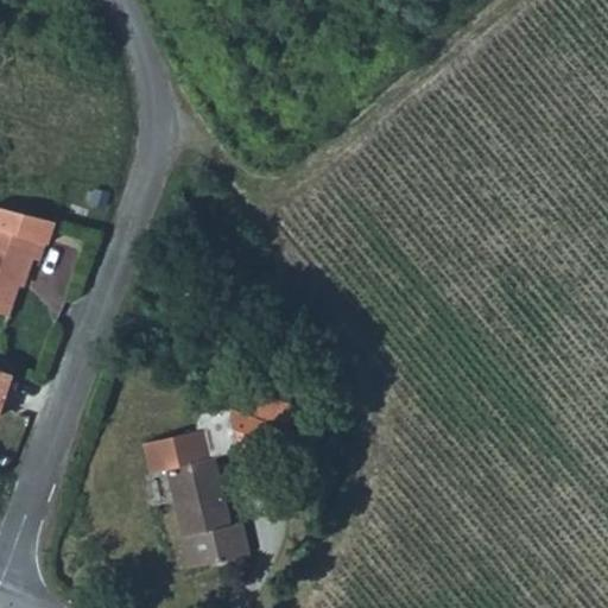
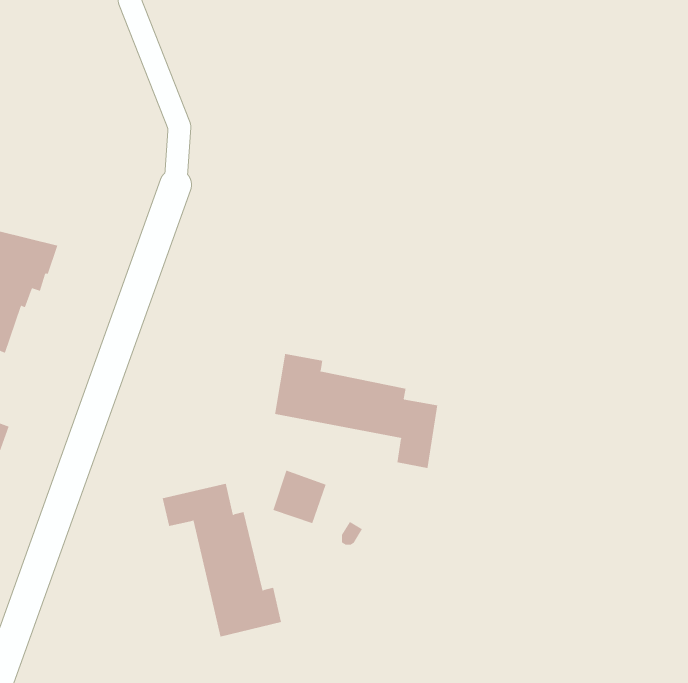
building: none -> [275,353,438,469]

